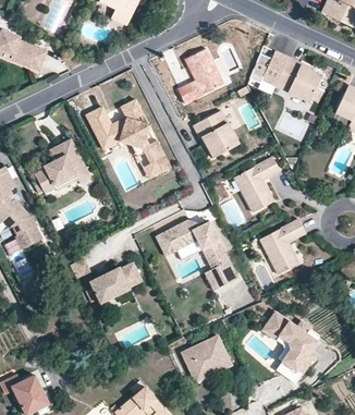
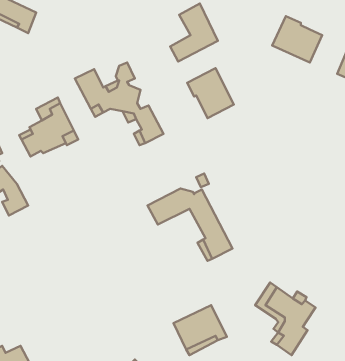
building: [249,52,289,86] -> none
building: [235,156,280,210] -> none
building: [260,218,306,273] -> none
building: [88,265,140,305] -> none

